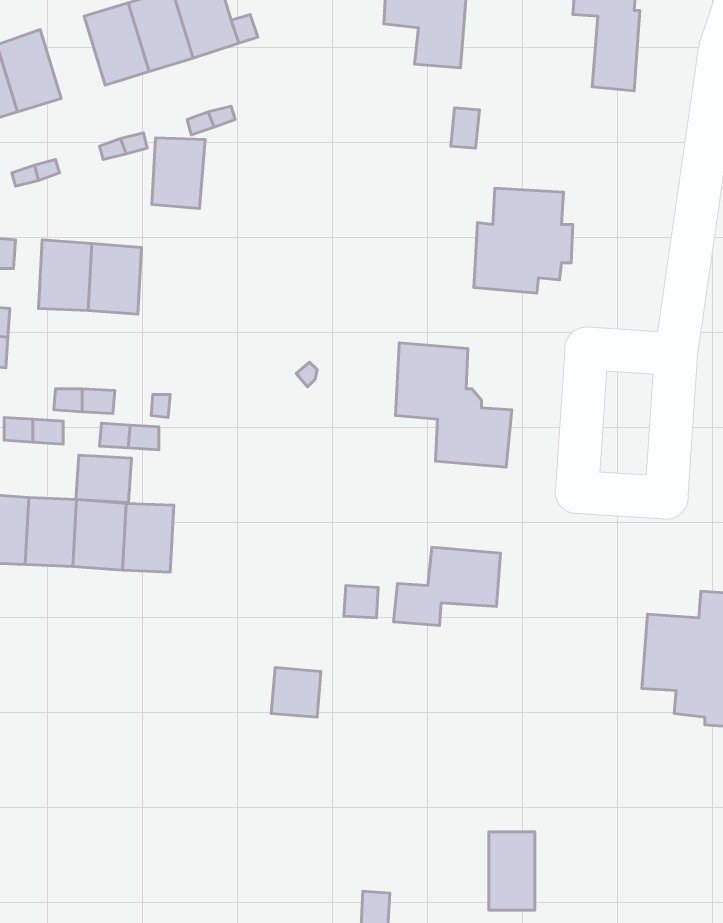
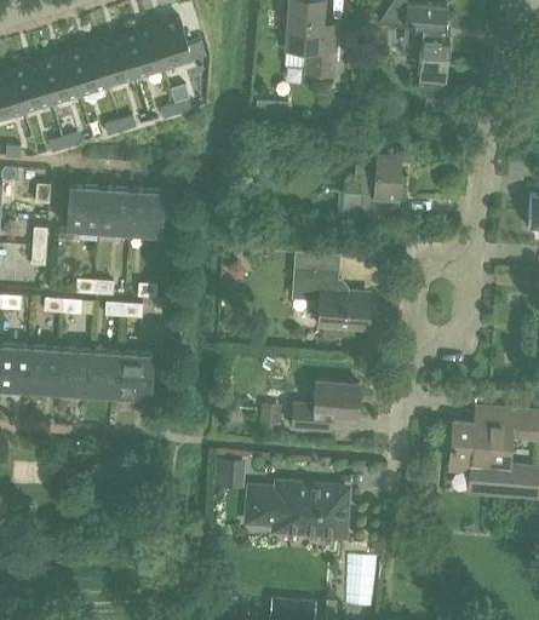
building: none -> [68,44,109,96]
building: [152,138,205,208] -> [130,190,164,235]
building: [76,455,132,502] -> none
building: none -> [247,483,346,534]

